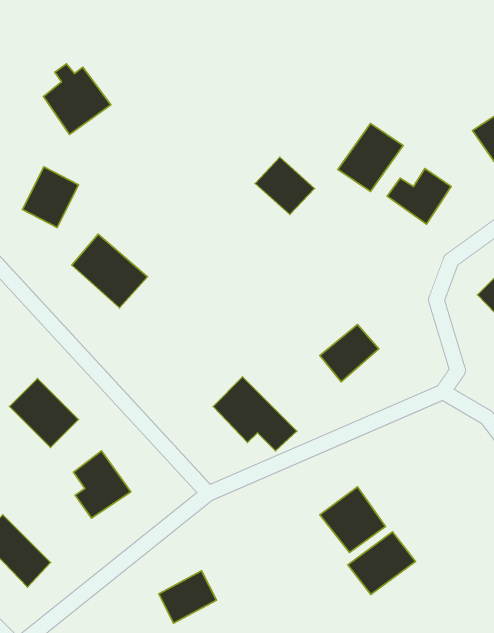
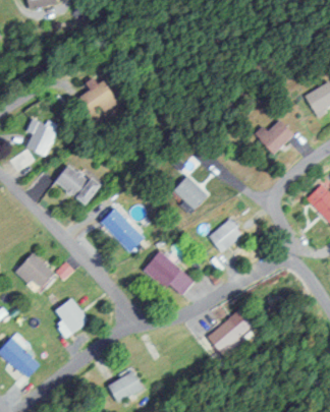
building: [43,64,111,134] -> [78,77,120,121]
building: [338,123,403,192] -> none
building: [255,157,314,215] -> [169,174,206,210]
building: none -> [98,205,145,252]
building: [348,532,416,595] -> none

